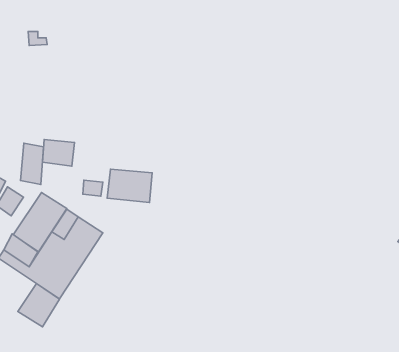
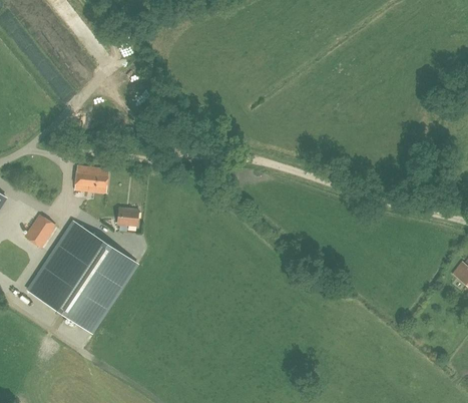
building: [20,143,44,185] -> none
building: [107,169,152,202] -> none
building: [18,284,59,327] -> none

